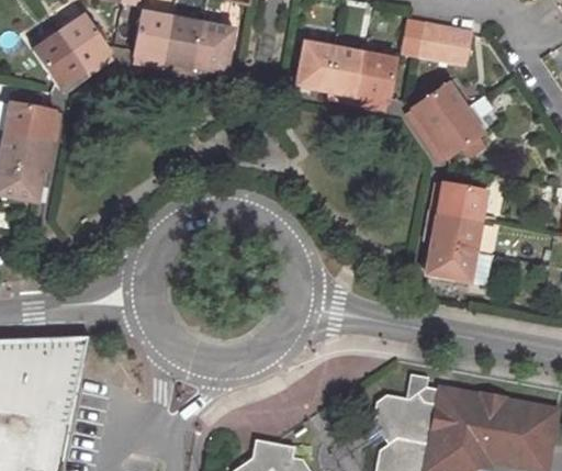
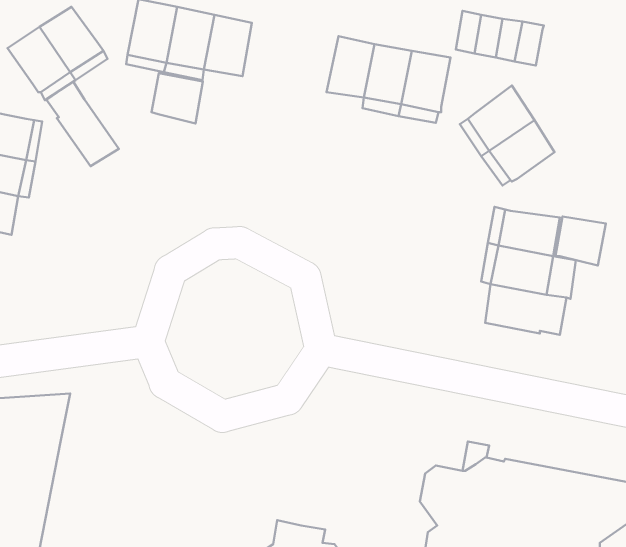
building: none -> [152,73,203,124]
building: none -> [47,82,119,166]
building: none -> [555,217,606,265]

